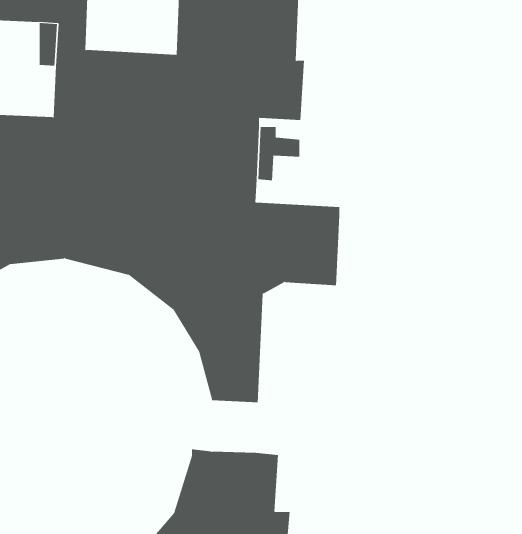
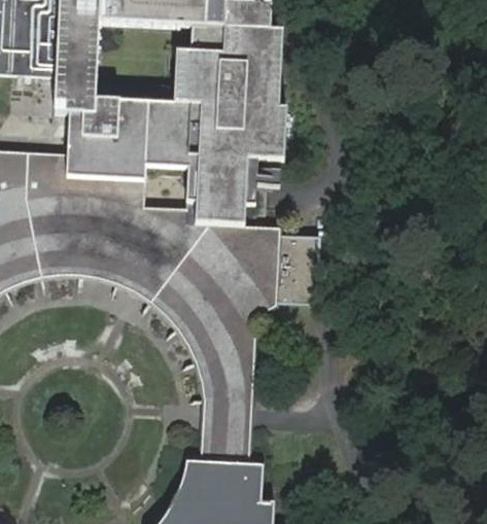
building: none -> [203,401,245,447]

